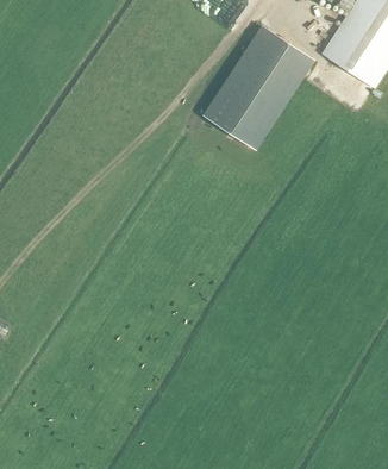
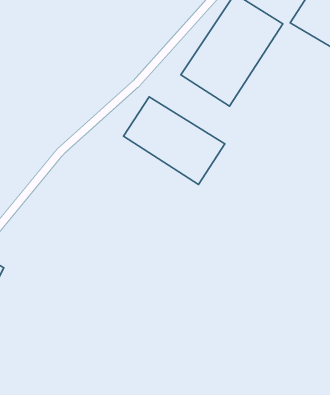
building: none -> [123,97,225,184]

